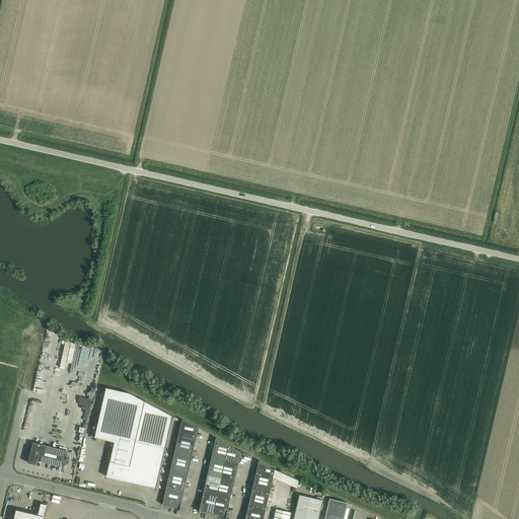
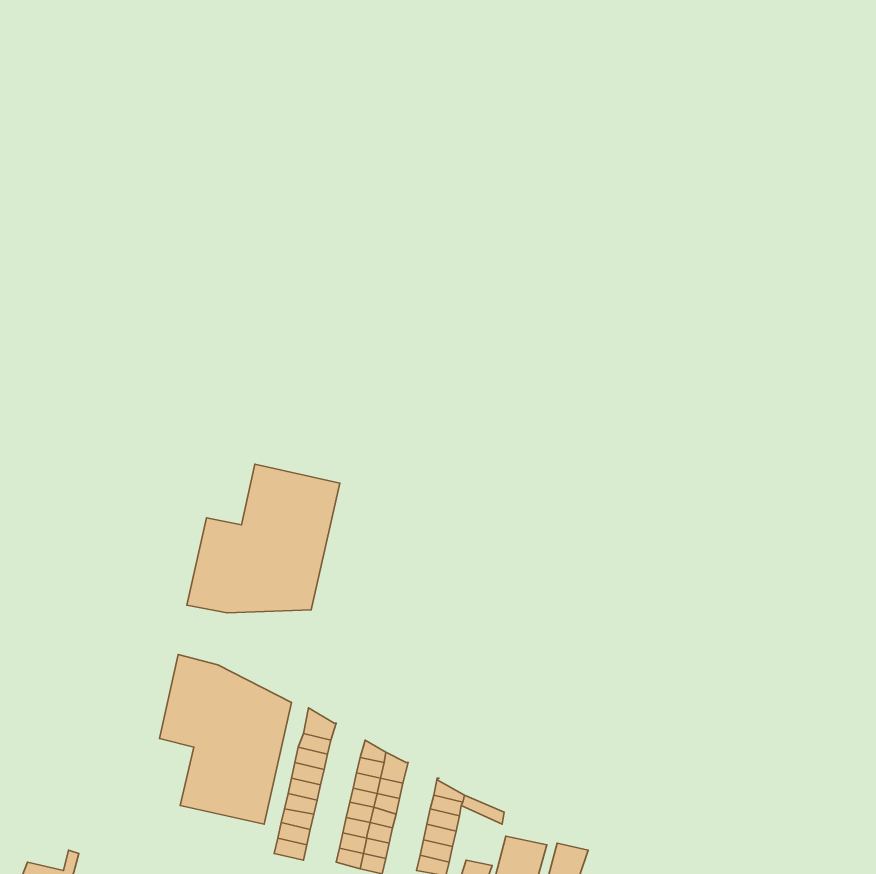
building: none -> [187,464,340,613]
building: [28,443,65,467] -> none

